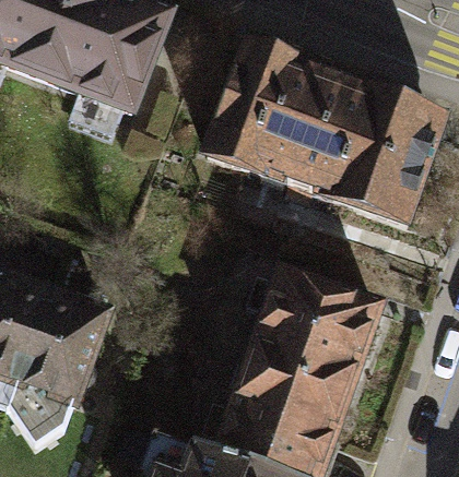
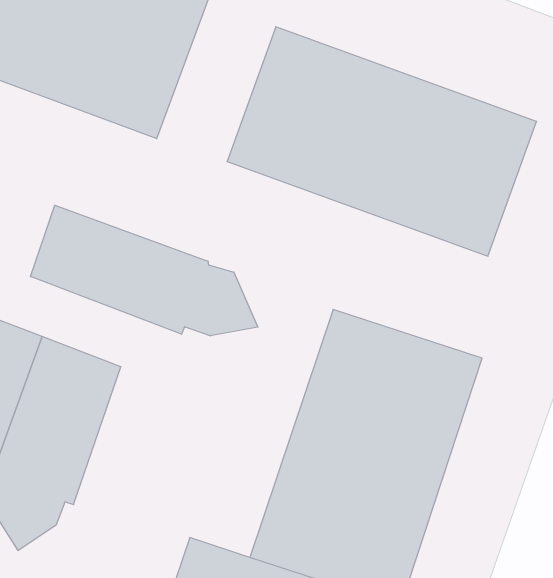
building: none -> [30,205,258,336]

